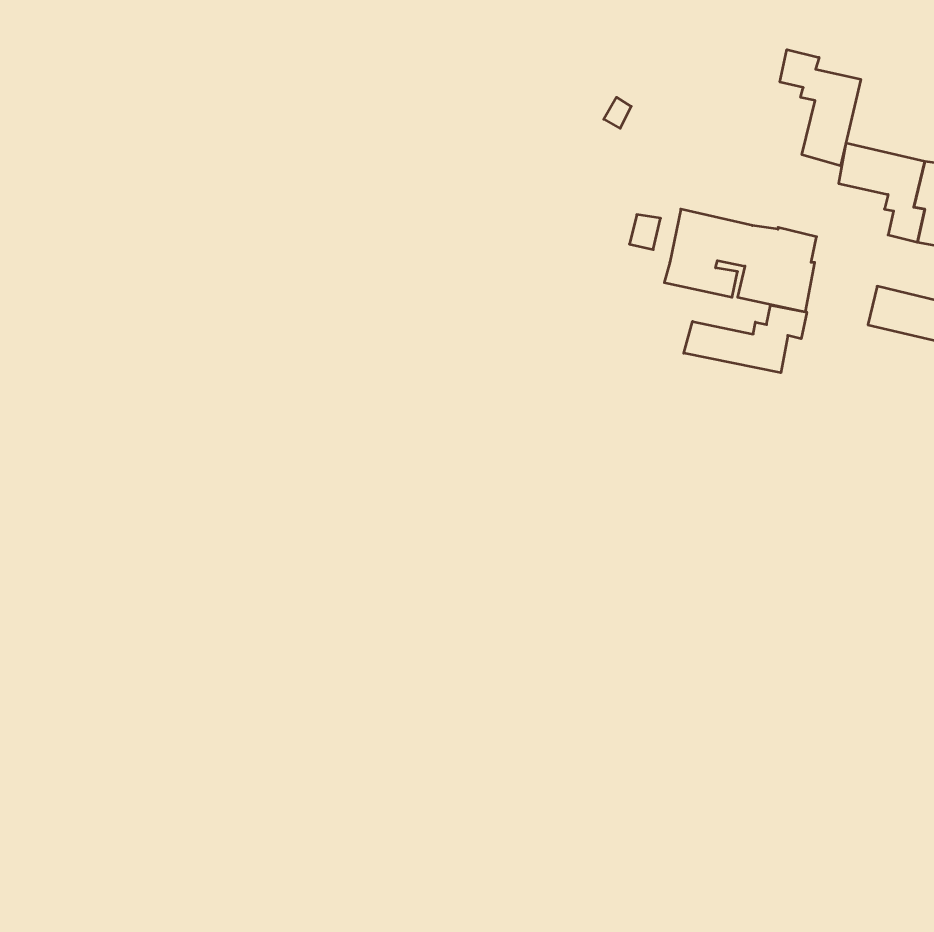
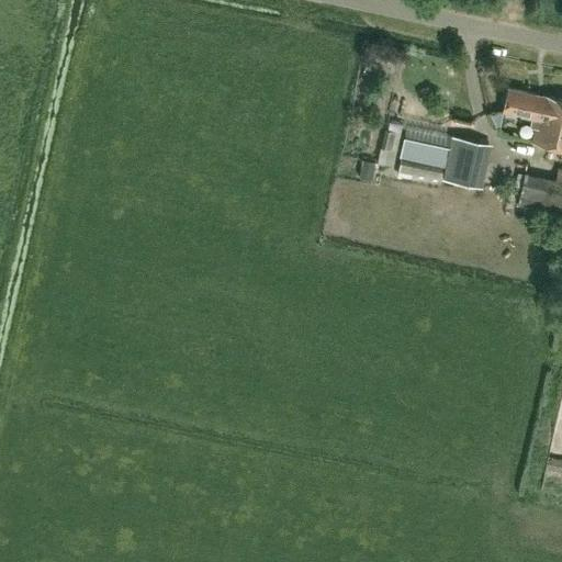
building: [780,50,861,166] -> none
building: [684,305,807,373] -> none

